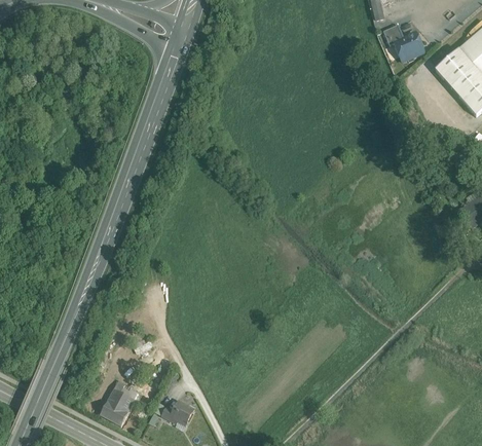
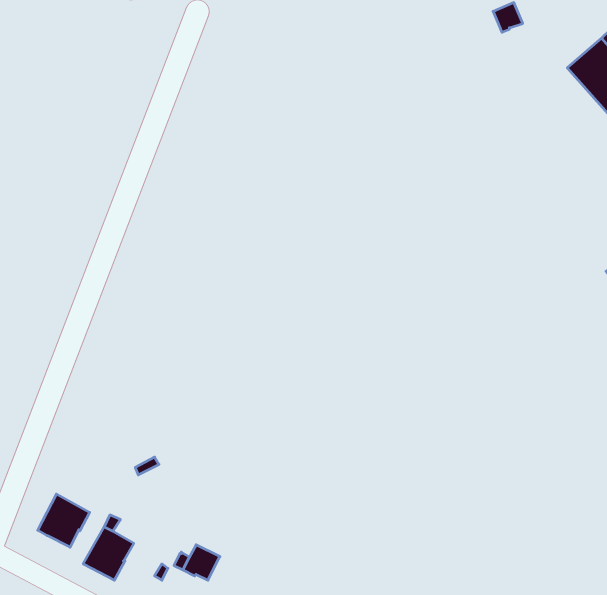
building: [396,33,424,59] -> none
building: none -> [38,494,90,547]

